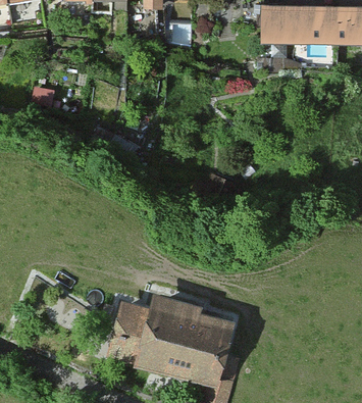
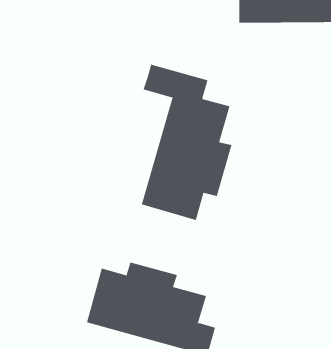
building: none -> [141,64,232,221]

